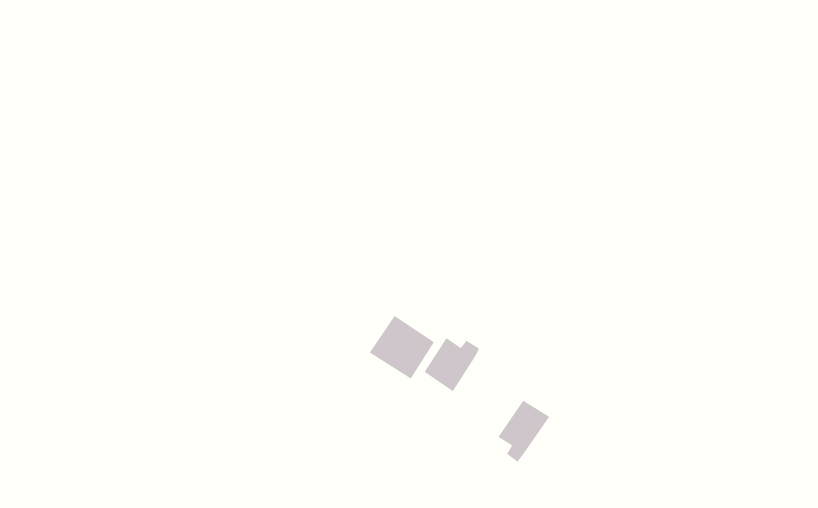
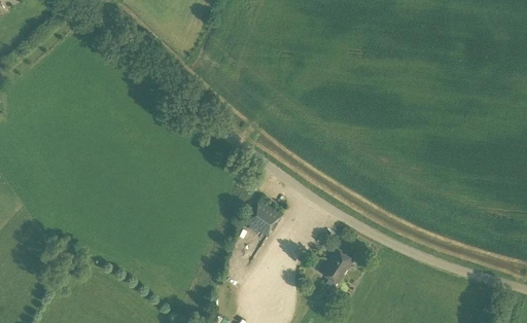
building: [424,337,480,392] -> none

